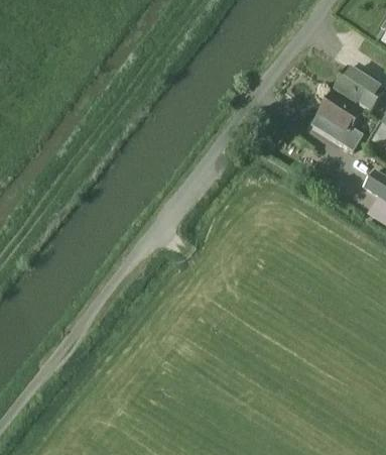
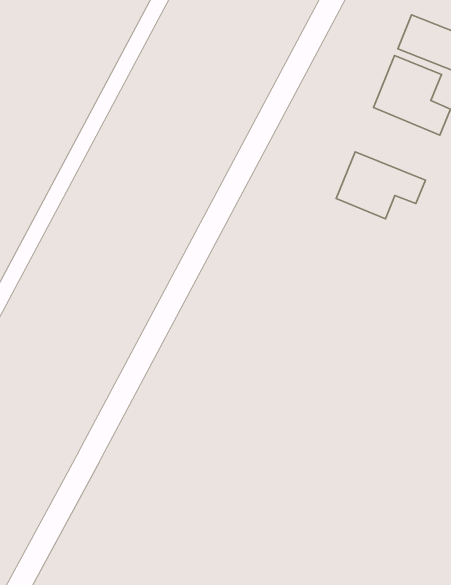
building: none -> [336,152,425,219]

